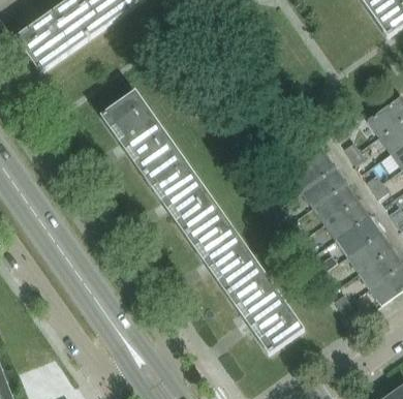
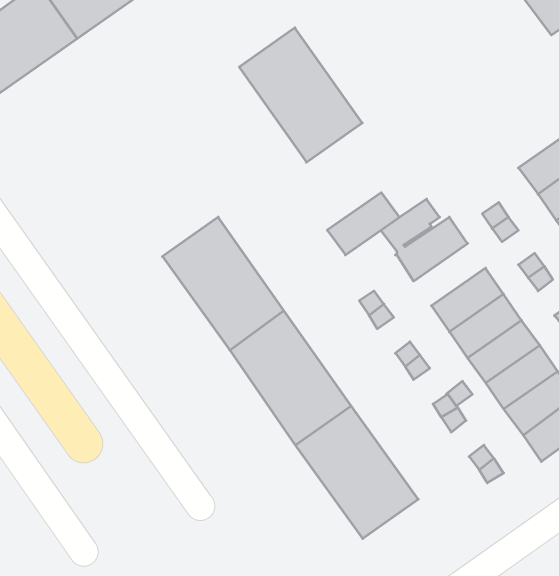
building: [100,90,178,175] -> [239,28,362,162]
building: [301,166,346,206] -> [327,193,399,255]

